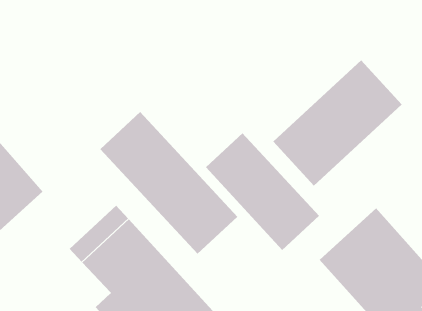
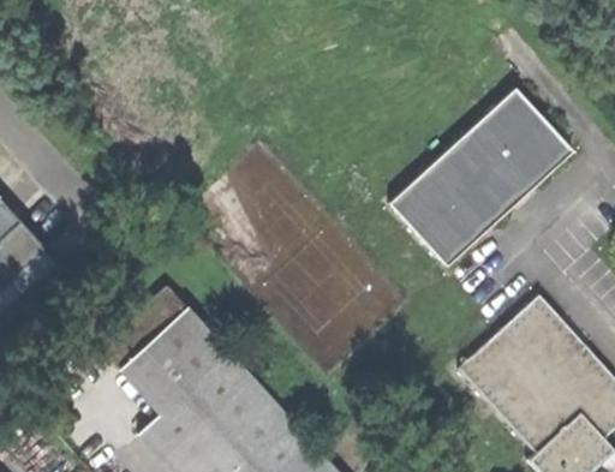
building: [100,111,238,255] -> none
building: [205,132,320,251] -> none

